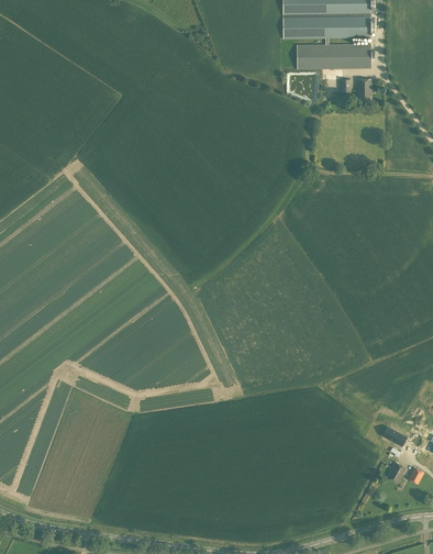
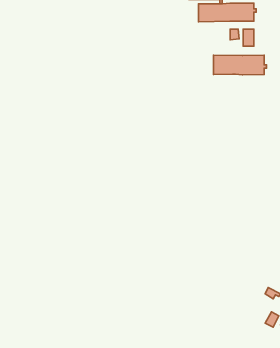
building: none -> [213,55,266,75]

